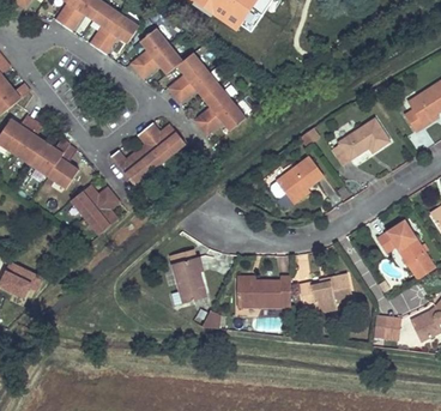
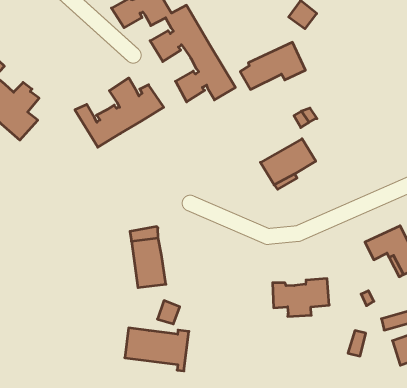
building: [332,119,388,164] -> [240,42,305,89]
building: [70,186,119,235] -> none
building: [237,277,290,312] -> [125,328,189,371]

